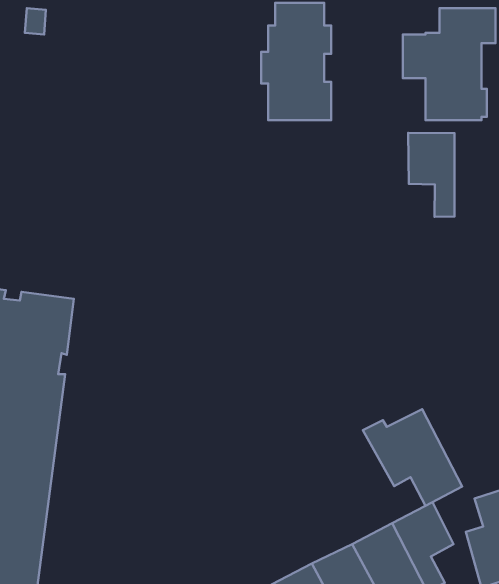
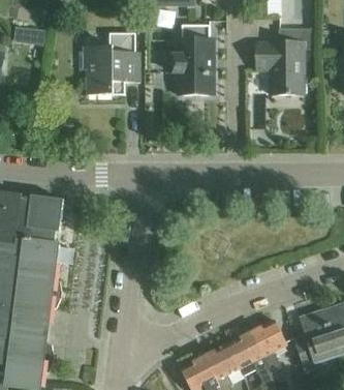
building: none -> [80,34,139,95]
building: [408,133,454,217] -> none
building: [363,409,462,506] -> none

